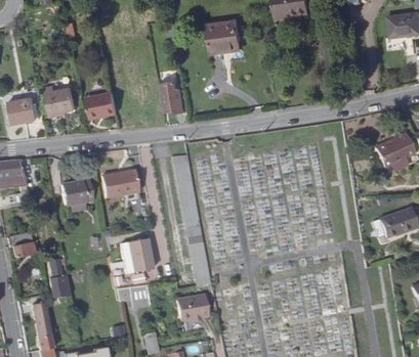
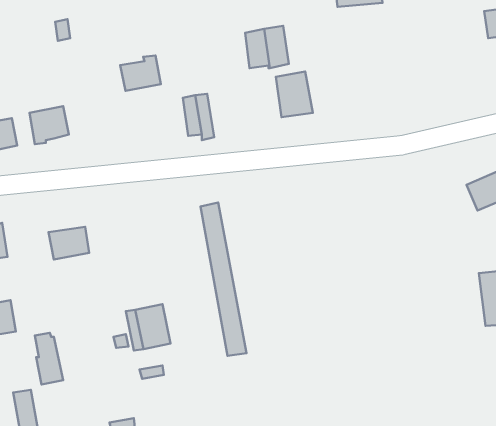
building: none -> [276,72,313,117]
building: [87,94,118,121] -> [120,56,161,91]
building: [97,169,136,198] -> none
building: [176,295,209,322] -> none

